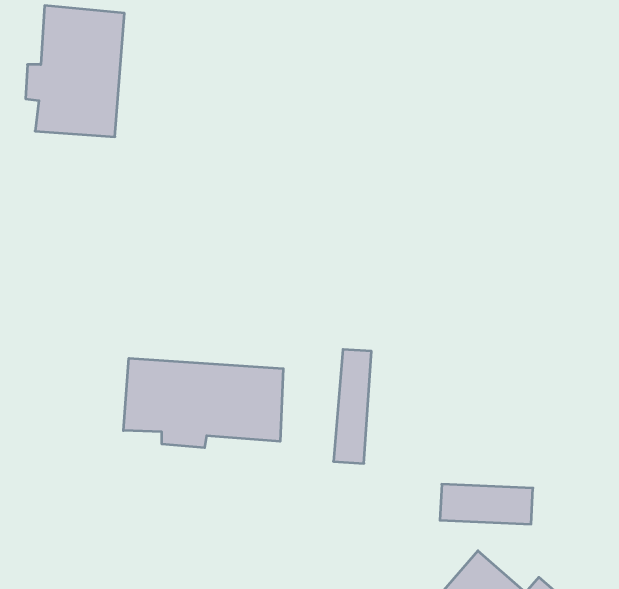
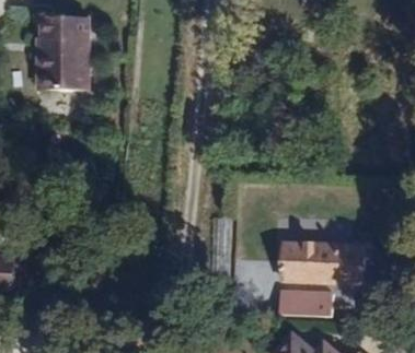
building: [123,358,283,448] -> none
building: none -> [280,239,365,283]

